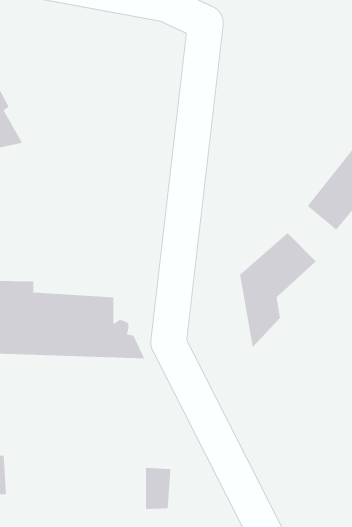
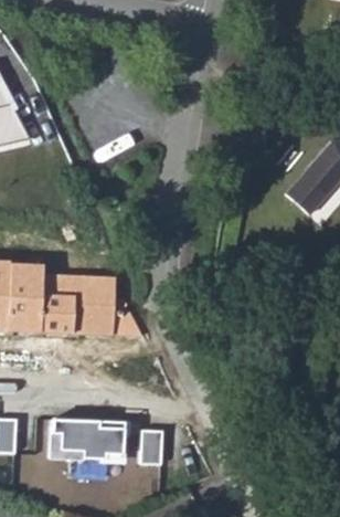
building: [239,232,316,348] -> none
building: none -> [46,420,124,465]

